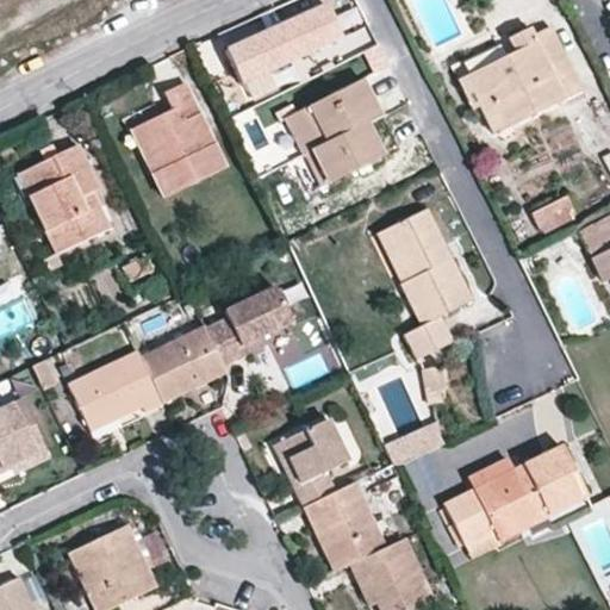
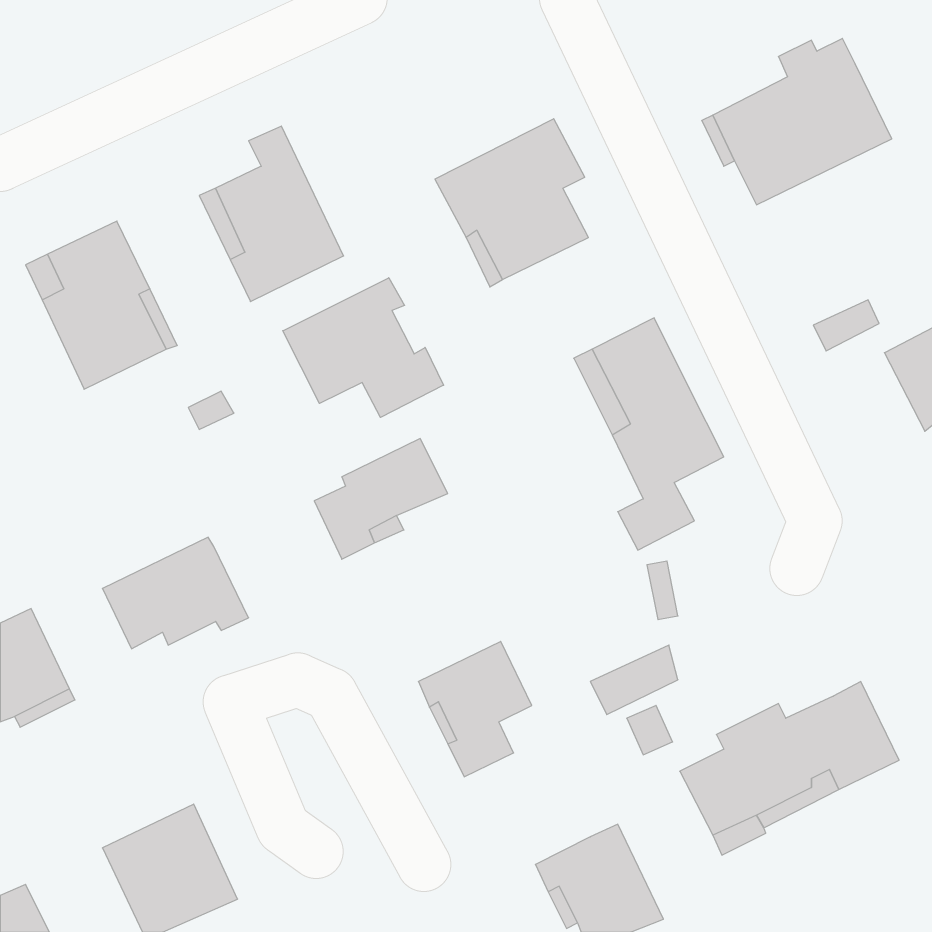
building: [235,11,346,86] -> none
building: none -> [283,278,444,417]
building: [141,325,228,403] -> none
building: [304,481,386,571] -> none

